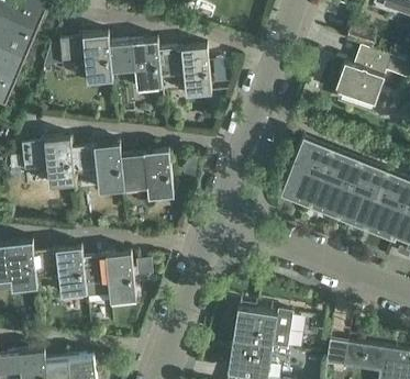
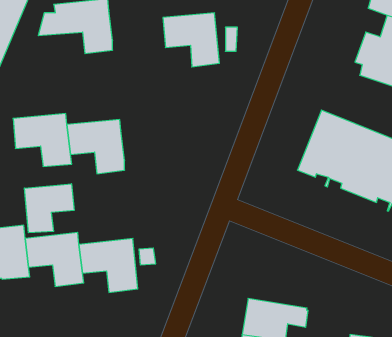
building: [110,40,163,89] -> none
building: [121,149,173,199] -> none
building: none -> [24,184,74,233]

